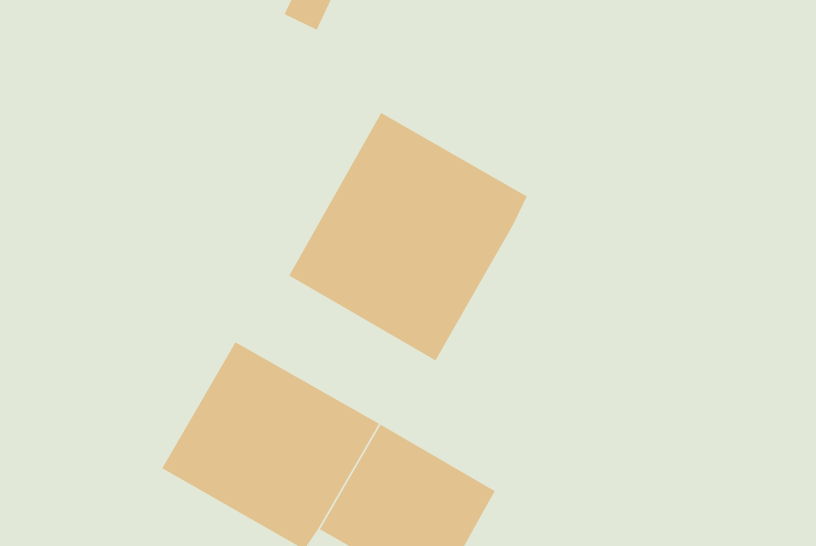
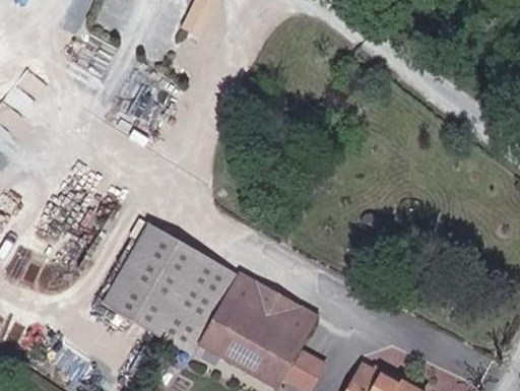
building: [288,112,528,362] -> none

